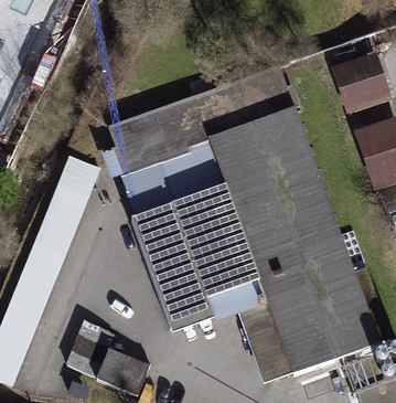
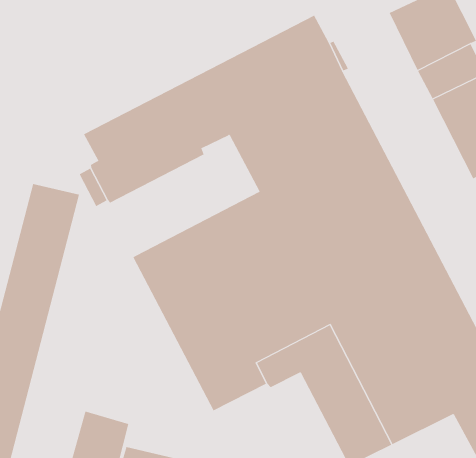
building: [120,139,225,214] -> none

